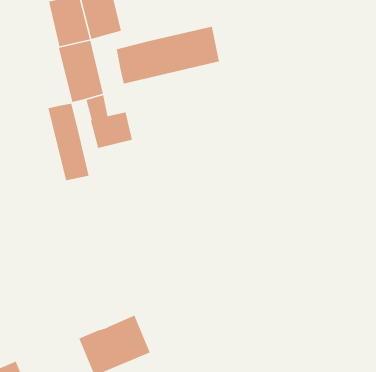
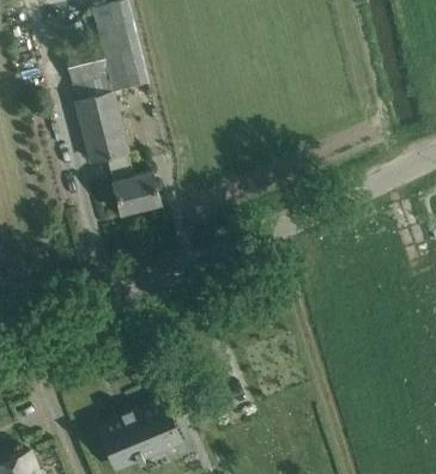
building: [116,26,220,84] -> none
building: [48,103,90,181] -> none

